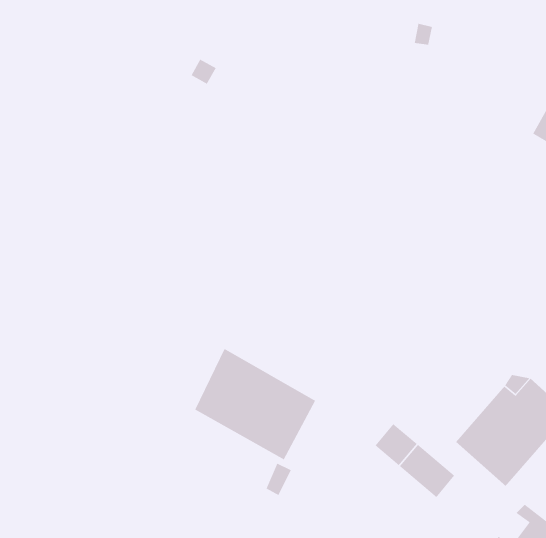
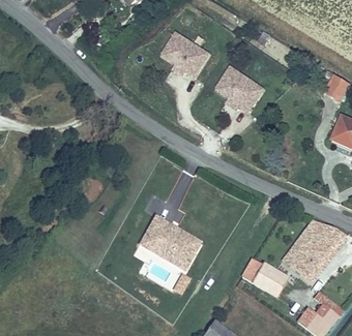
building: none -> [160,30,213,81]
building: none -> [215,63,268,113]

